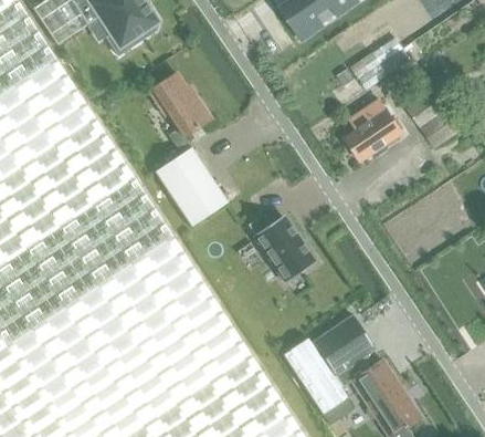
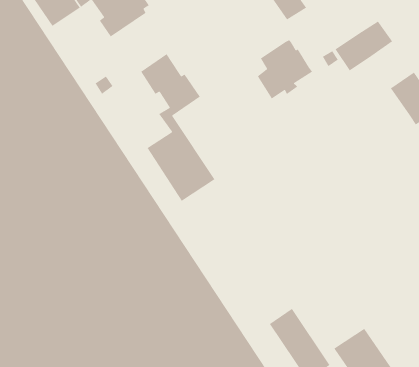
building: [345,97,403,160] -> [257,39,313,99]
building: [247,214,314,282] -> none
building: [310,315,375,386] -> none

